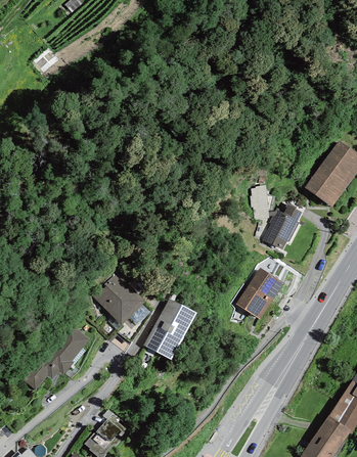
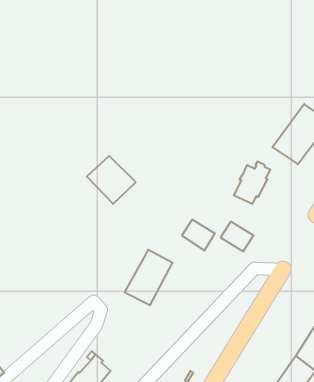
building: [250,185,269,219] -> none
building: [92,272,145,324] -> [87,156,136,204]
building: [236,285,272,319] -> [182,220,215,251]
building: [19,323,89,391] -> none

